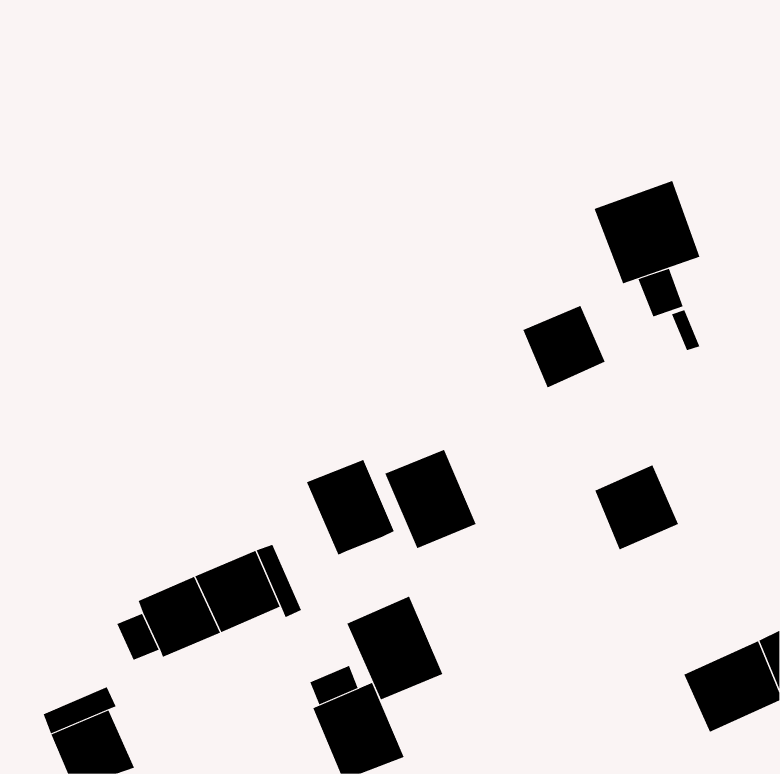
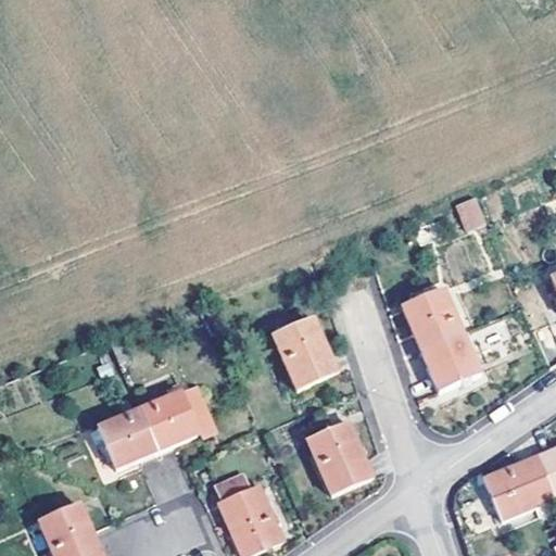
building: [594,180,700,284] -> none
building: [523,305,605,388] -> [404,289,463,348]
building: [306,459,394,556] -> none
building: [347,596,443,700] -> [306,418,375,492]

